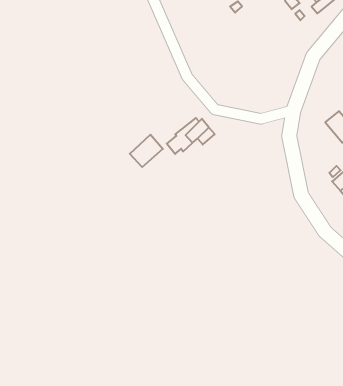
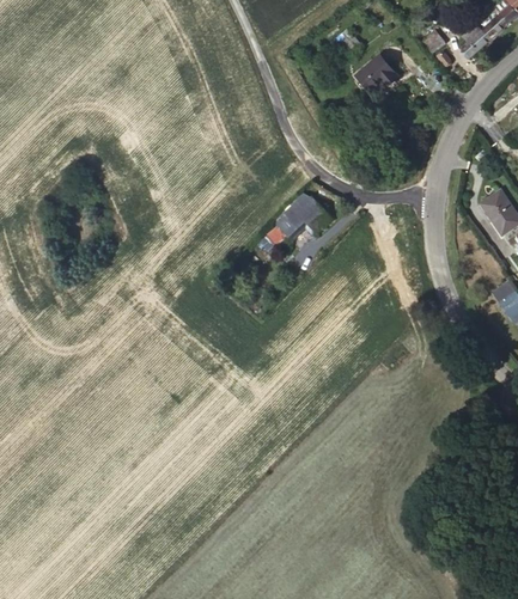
building: none -> [361,53,402,87]
building: [130,135,163,167] -> none

